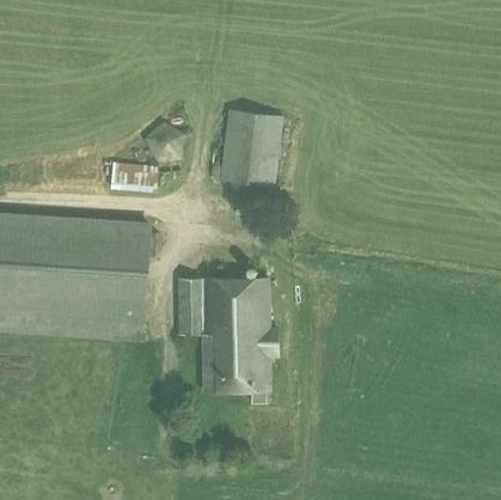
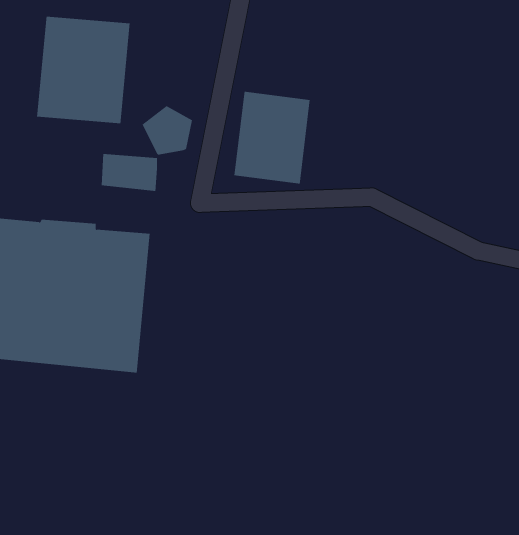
building: none -> [37,16,130,124]
building: [178,279,279,402] -> none

